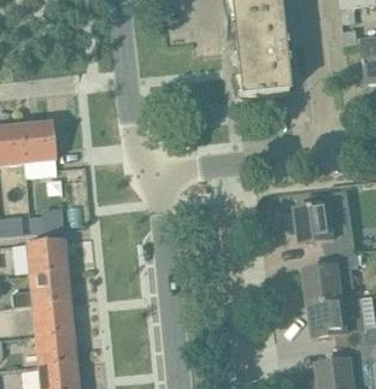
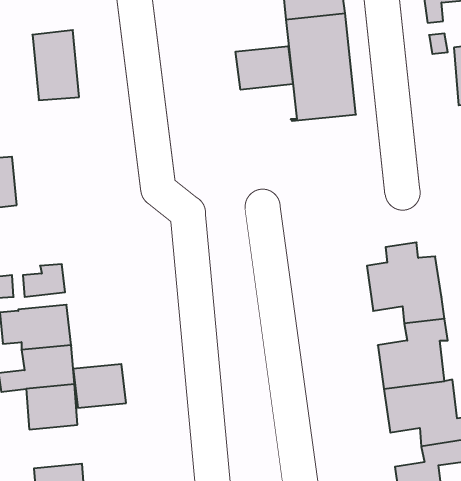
building: none -> [236,46,293,90]
building: [22,120,58,175] -> [32,30,79,100]
building: [35,331,76,365] -> [73,364,126,408]

